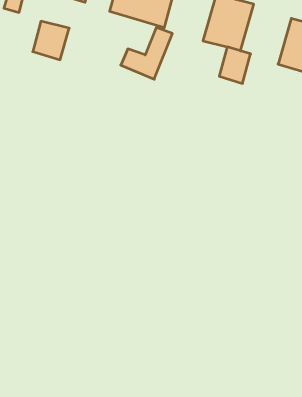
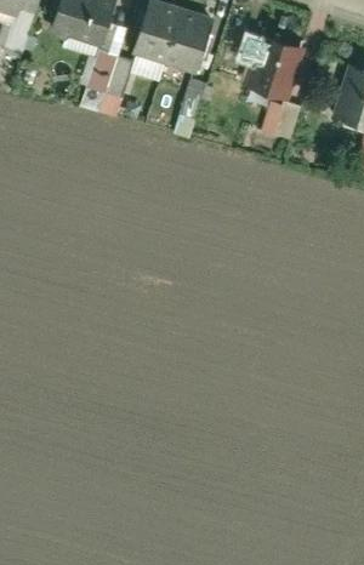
building: [33,21,69,60] -> [89,53,132,99]

